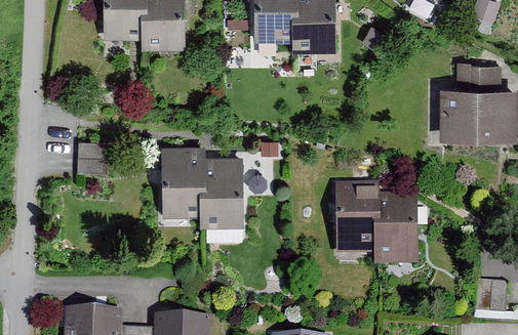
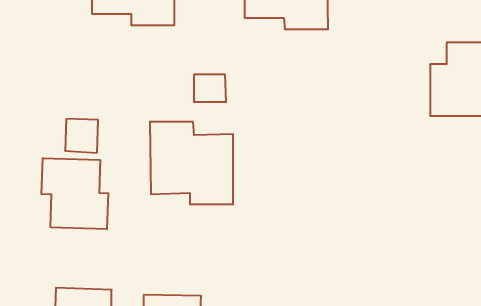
building: none -> [194,74,226,102]
building: none -> [42,158,108,229]
building: [334,185,417,267] -> none

